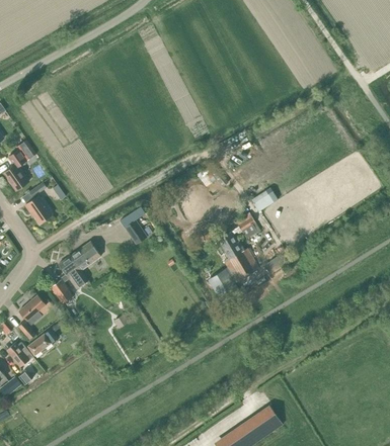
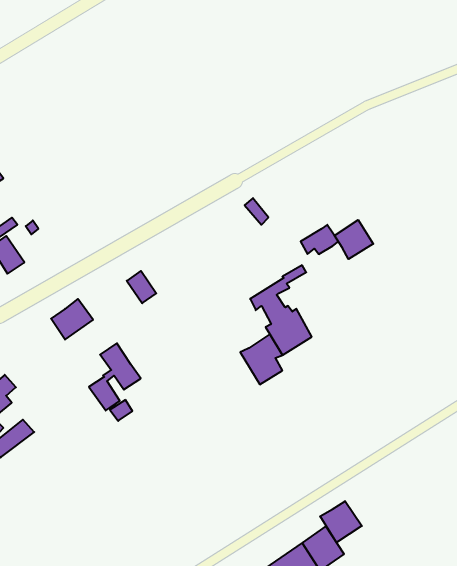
building: none -> [335,220,373,259]
building: [50,255,87,303] -> [89,343,141,411]
building: none -> [320,501,362,542]

